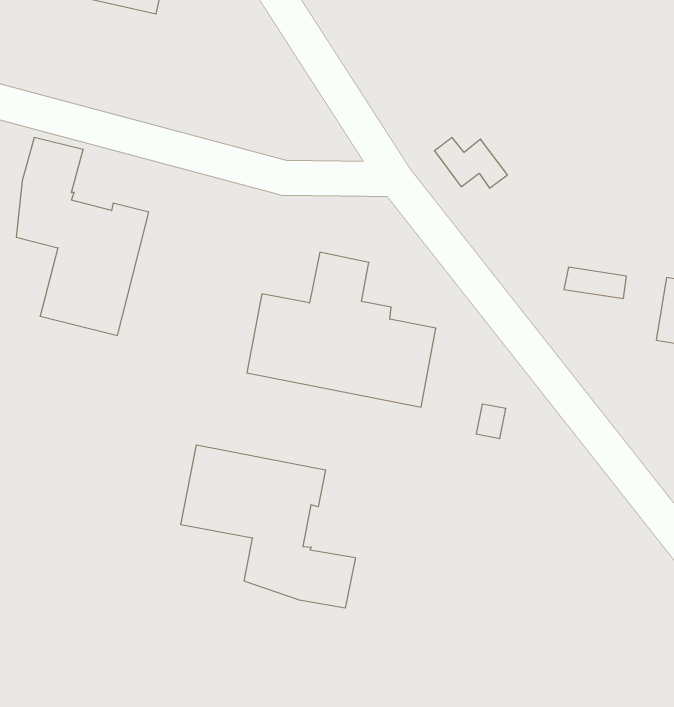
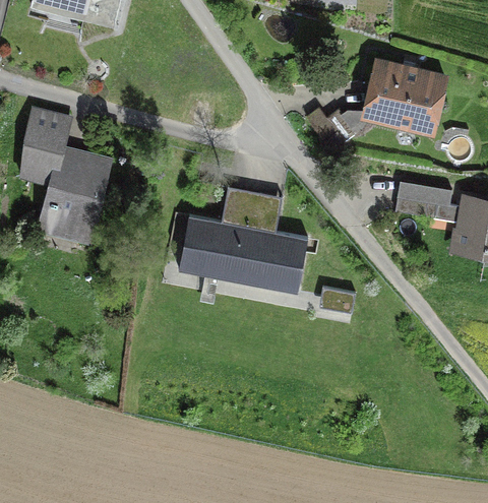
building: none -> [366,63,446,128]
building: [181,445,355,608] -> none

